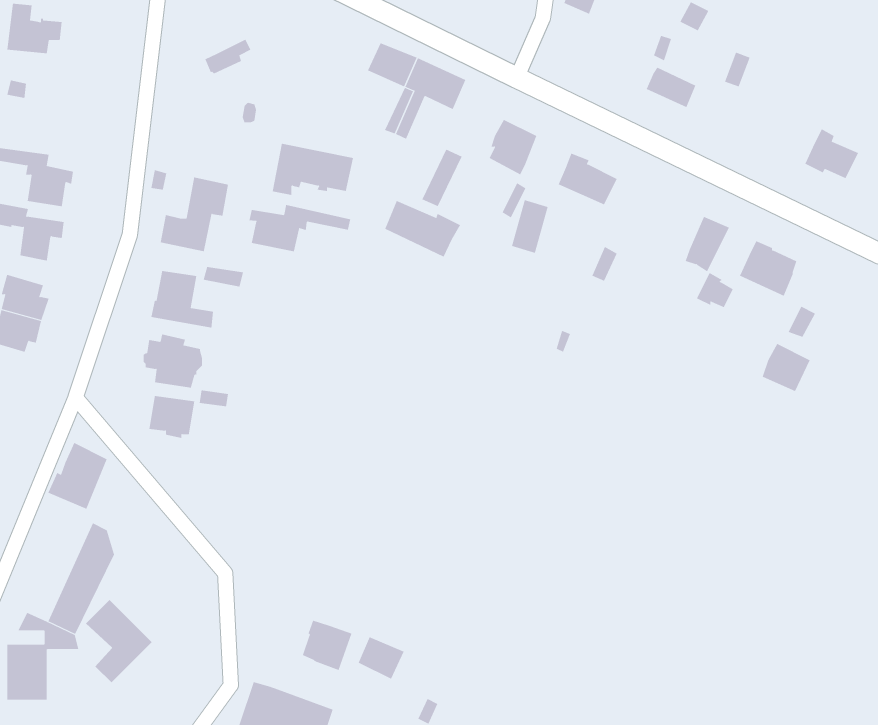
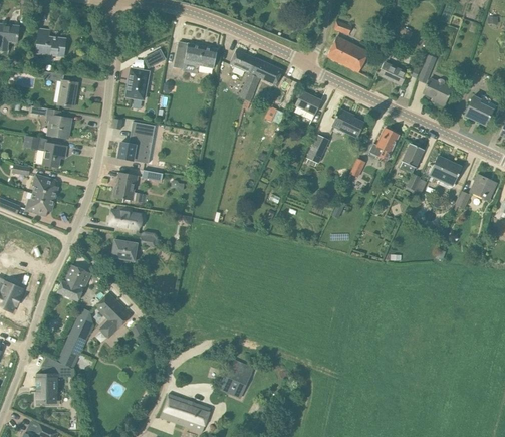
building: none -> [326,36,368,72]
building: none -> [125,68,149,99]
building: none -> [423,76,452,104]
building: none -> [53,79,75,106]
building: [272,143,354,195] -> [173,41,217,69]
building: none -> [369,129,398,160]
building: [384,200,461,258] -> none
building: [249,204,351,252] -> none
building: [762,343,811,392] -> [470,174,496,200]
building: [85,599,153,683] -> [94,292,131,338]
building: [302,620,352,671] -> none

